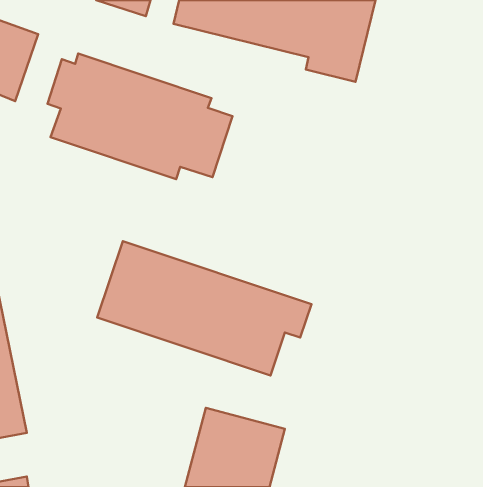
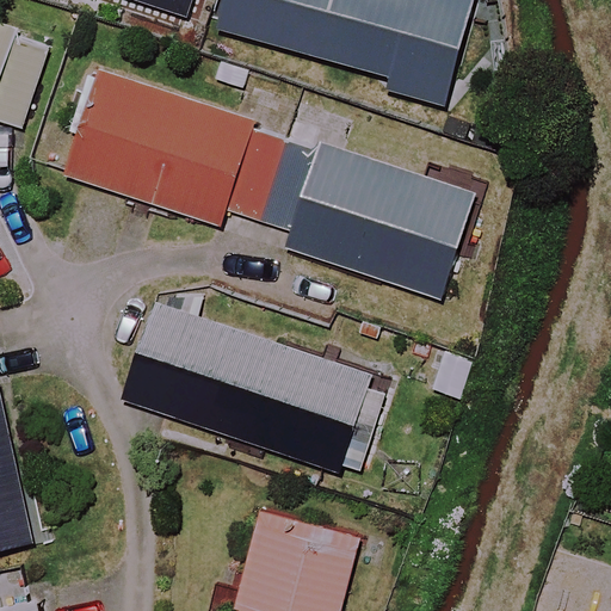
building: none -> [266,134,474,296]

